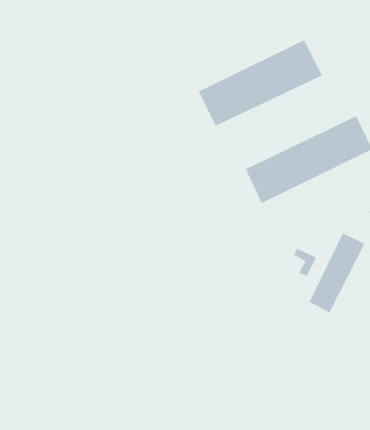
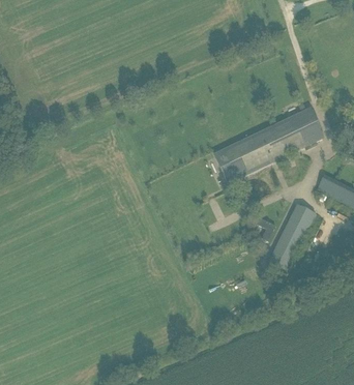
building: [198,39,323,127] -> none

